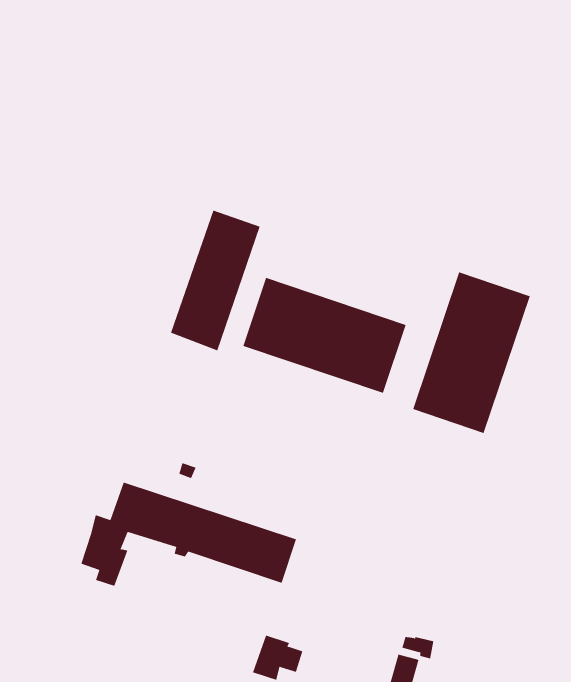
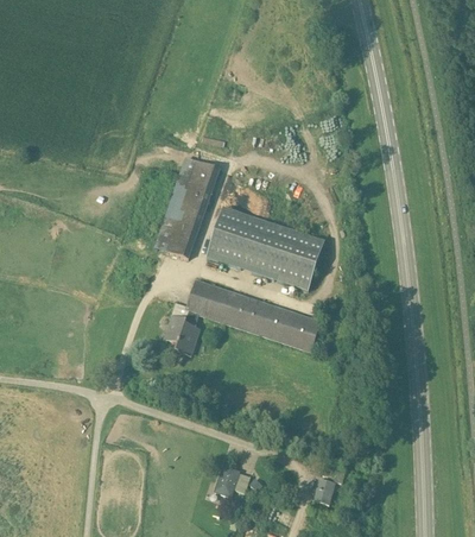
building: [412,271,530,434] -> none
building: [80,482,297,587] -> [164,278,321,354]

